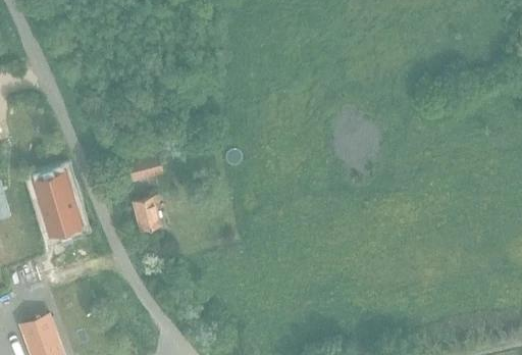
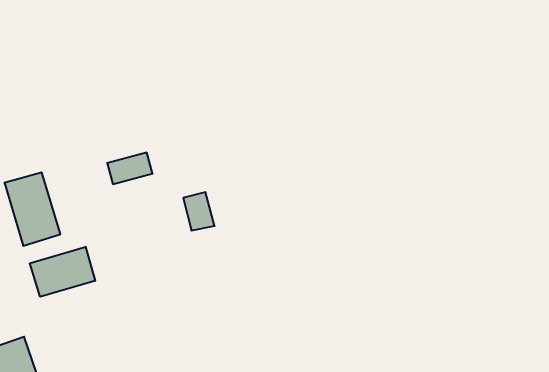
building: [133,195,160,229] -> [183,192,215,231]
building: none -> [30,247,95,297]

